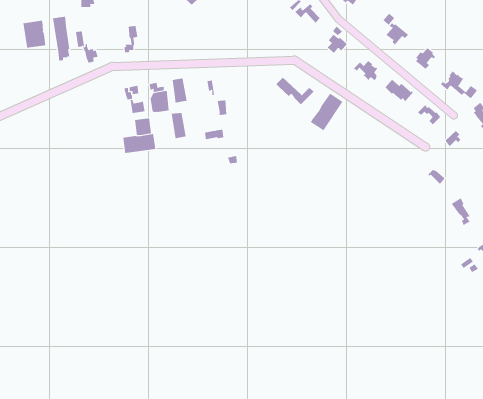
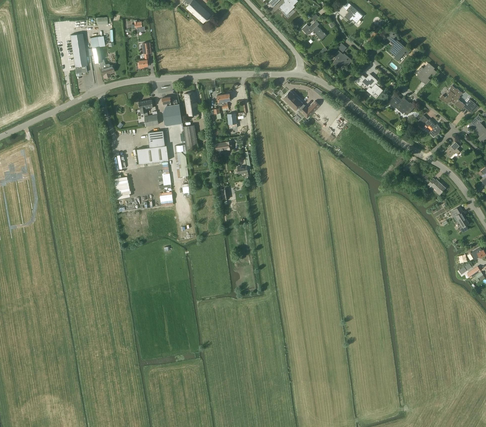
building: [23,20,46,49] -> none
building: [310,93,343,131] -> none

